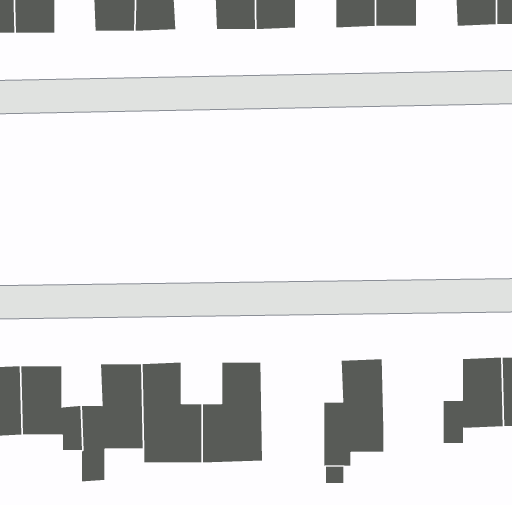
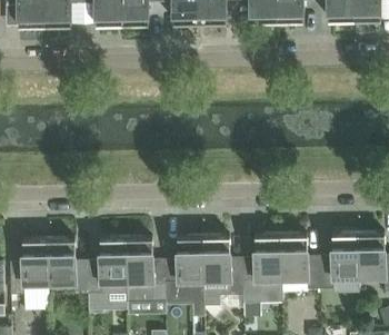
building: none -> [280,234,319,288]
building: none -> [202,235,242,305]

